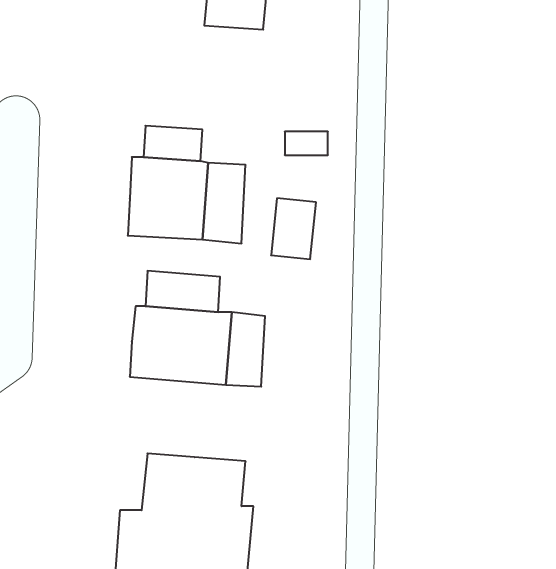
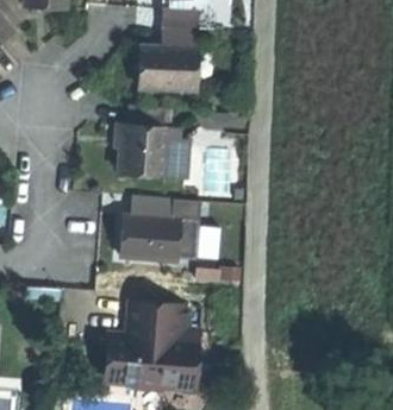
building: none -> [139,45,199,90]

